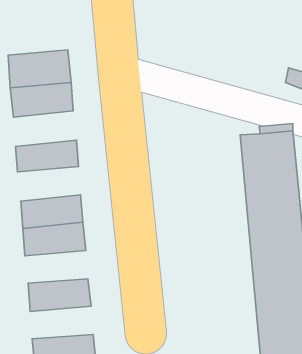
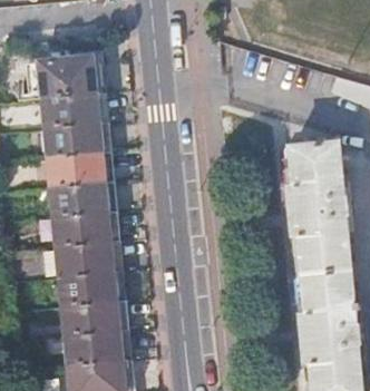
building: none -> [43,123,110,160]
building: none -> [48,182,115,218]
building: none -> [56,271,123,305]
building: none -> [61,330,128,364]

